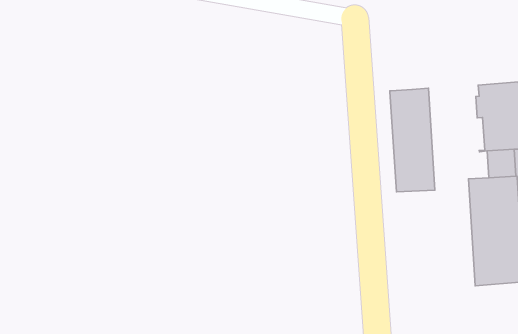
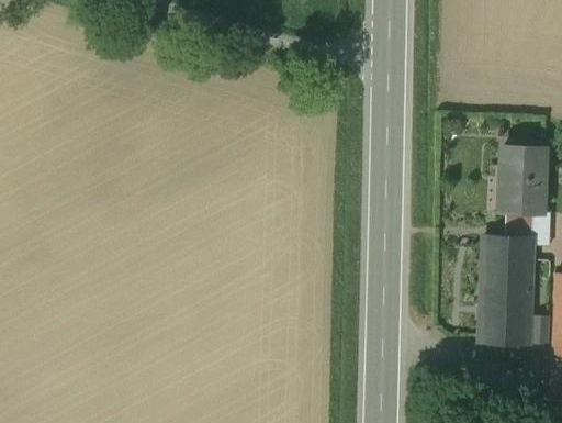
building: [390,88,435,192] -> none

